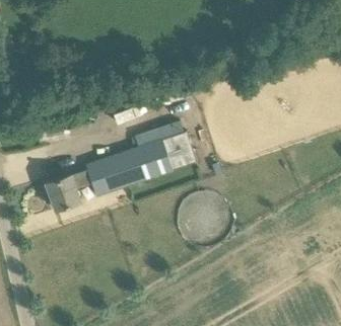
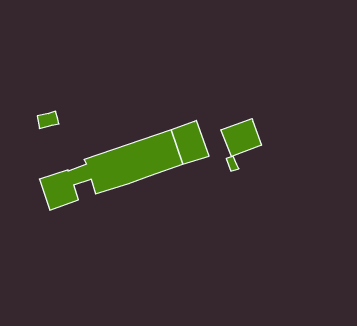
building: none -> [221,119,261,157]

